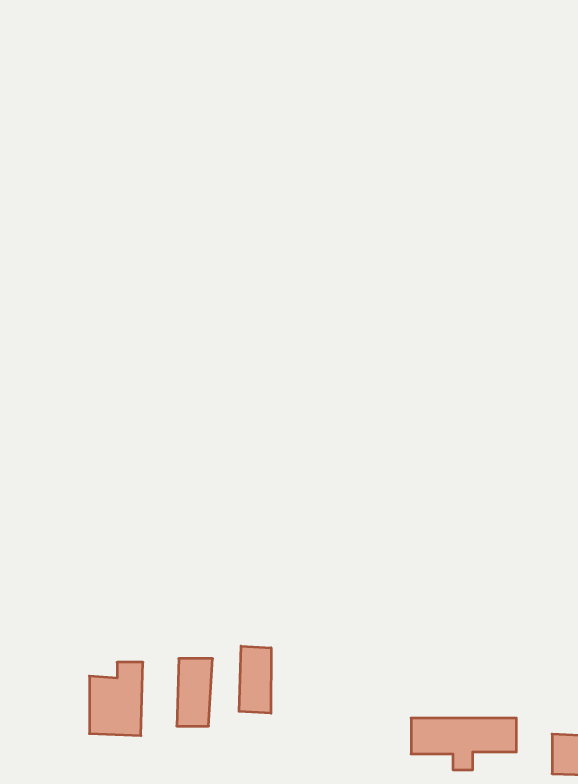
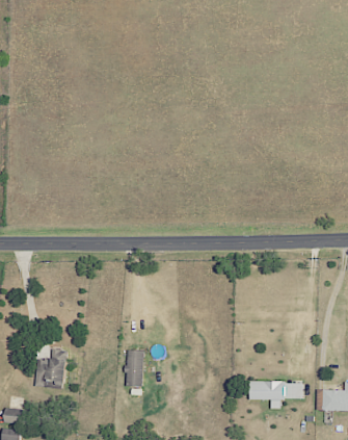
building: [239,646,271,713] -> none
building: [89,662,143,736] -> [37,350,65,388]

